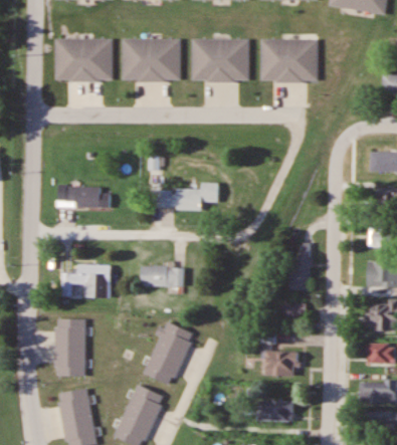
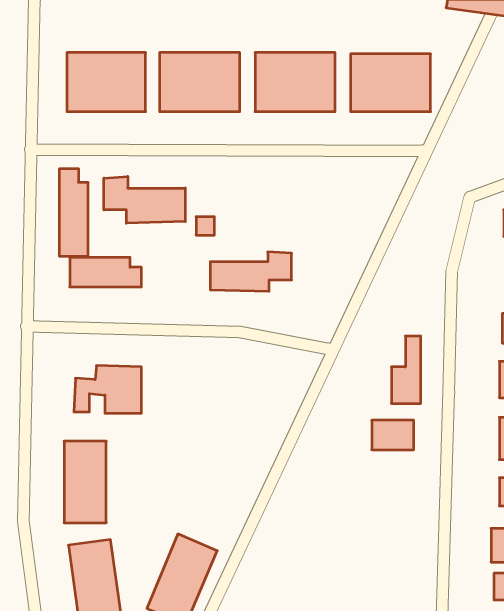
building: none -> [60,169,88,256]
building: none -> [104,176,185,223]
building: [140,266,183,286] -> none
building: [144,321,193,386] -> none
building: [263,351,296,375] -> none
building: [256,401,293,421] -> none

